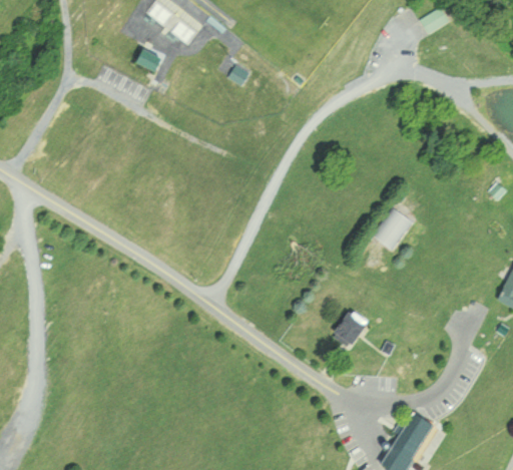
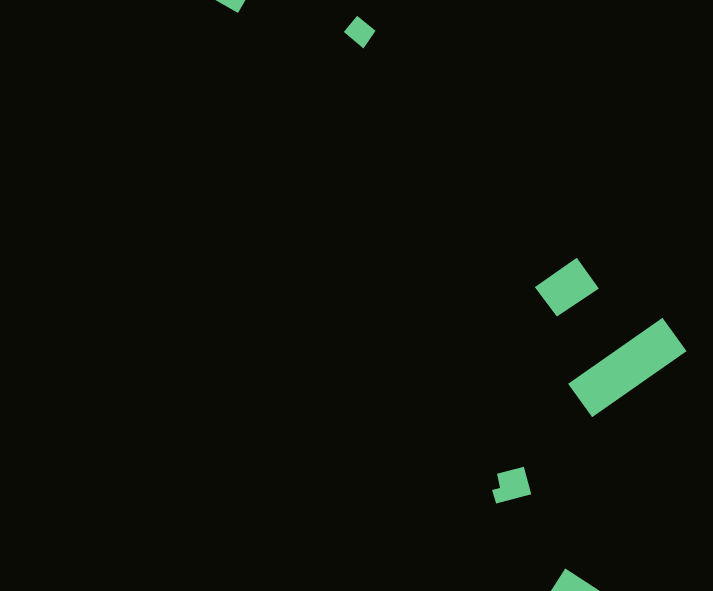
building: none -> [567,317,687,418]
building: [341,314,368,341] -> [491,466,532,504]

